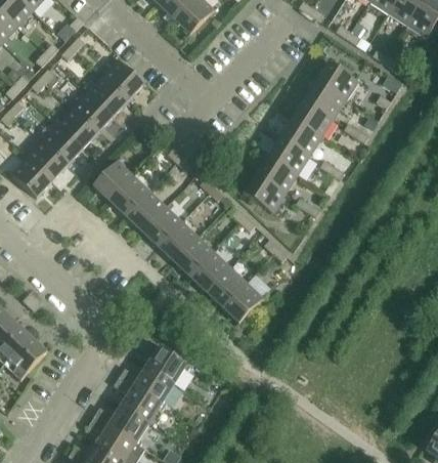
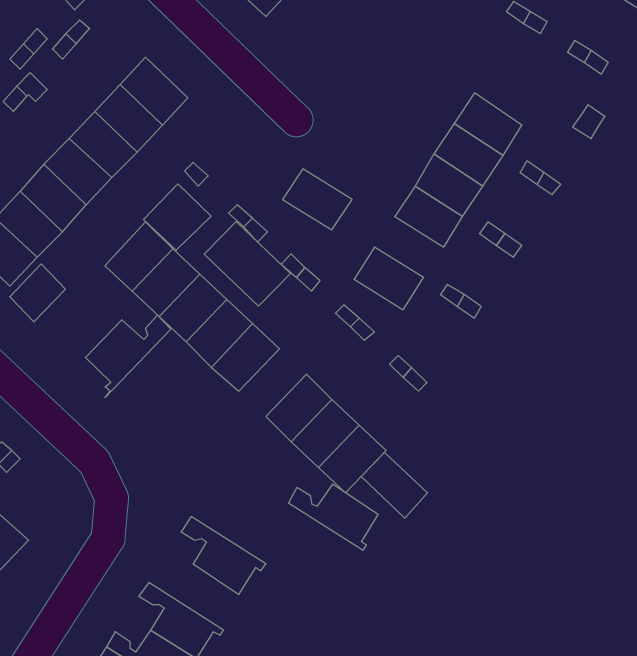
building: [316,61,358,100] -> none
building: none -> [143,184,211,250]
building: [256,156,298,193] -> [283,169,352,230]
building: none -> [204,222,290,306]
building: none -> [10,264,65,322]
building: none -> [85,315,171,398]
building: [174,236,215,277] -> none
building: none -> [361,453,428,518]
building: [120,366,174,406] -> [288,484,378,550]

